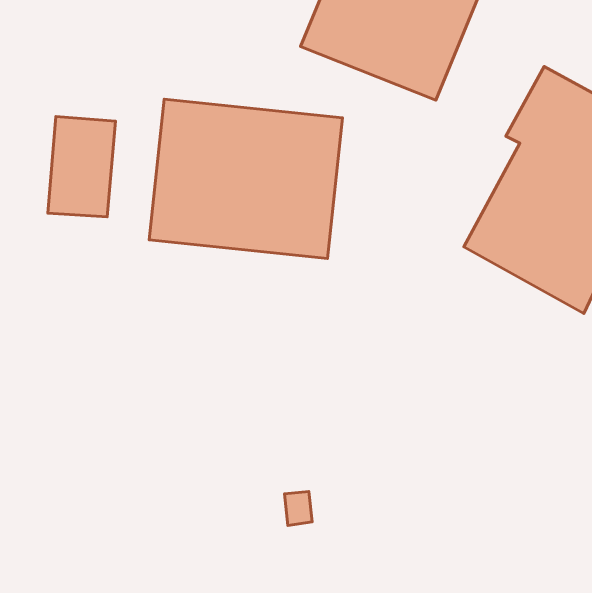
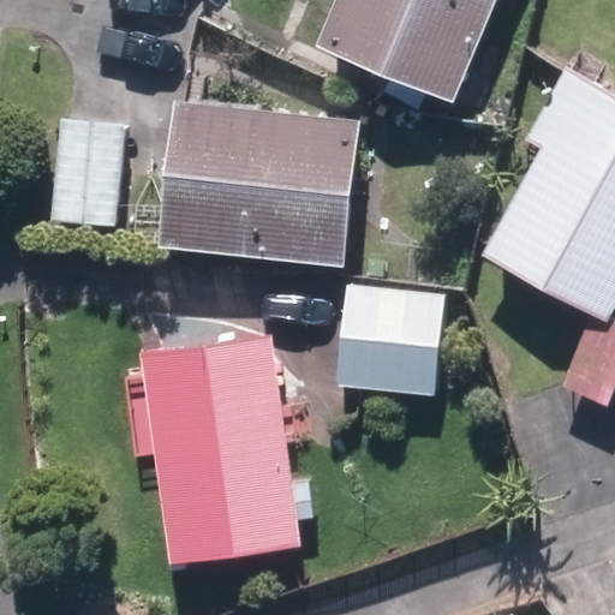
building: none -> [335,285,446,396]
building: none -> [138,336,298,566]

